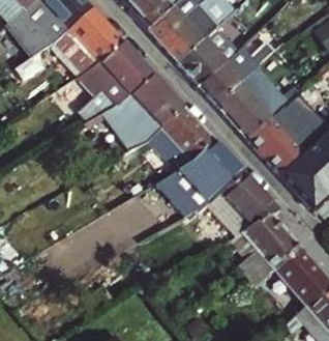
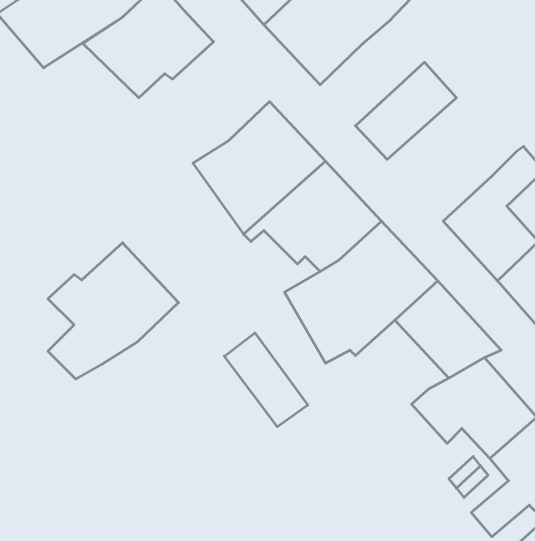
building: [181,27,239,85] -> none
building: [81,38,153,114] -> [48,243,179,379]
building: [218,70,294,138] -> none
building: none -> [224,333,308,427]

